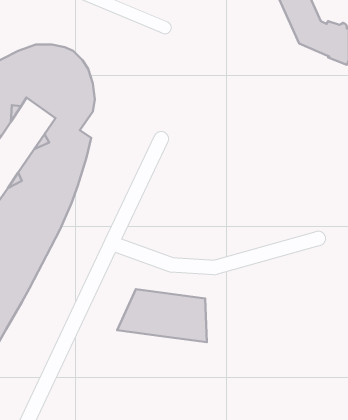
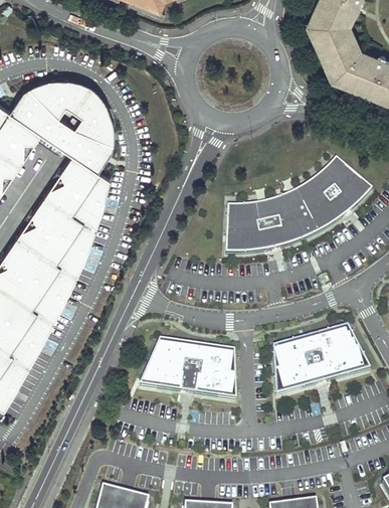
building: none -> [224,161,370,256]
building: none -> [271,328,368,397]

